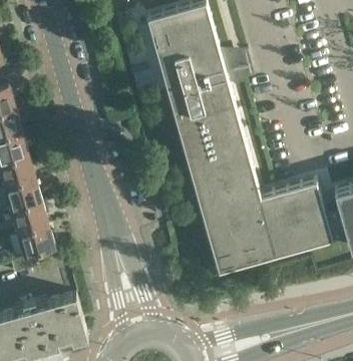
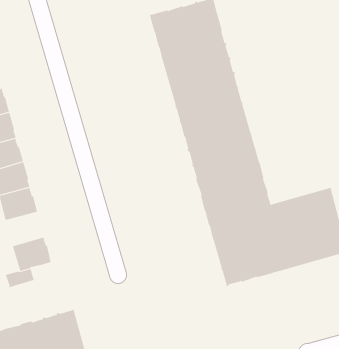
building: [12,204,49,236] -> none

